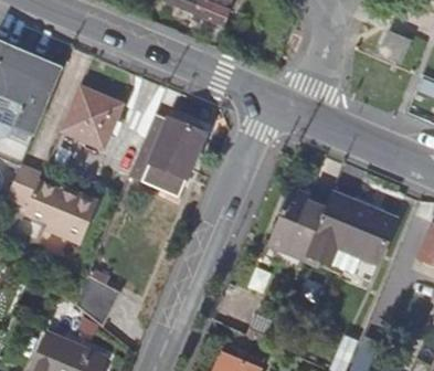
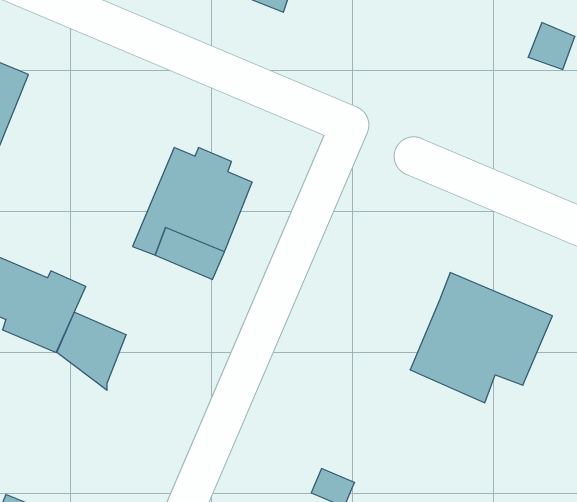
building: [62,86,123,148] -> none
building: [264,188,324,264] -> none
building: [74,278,118,328] -> [57,312,126,390]

